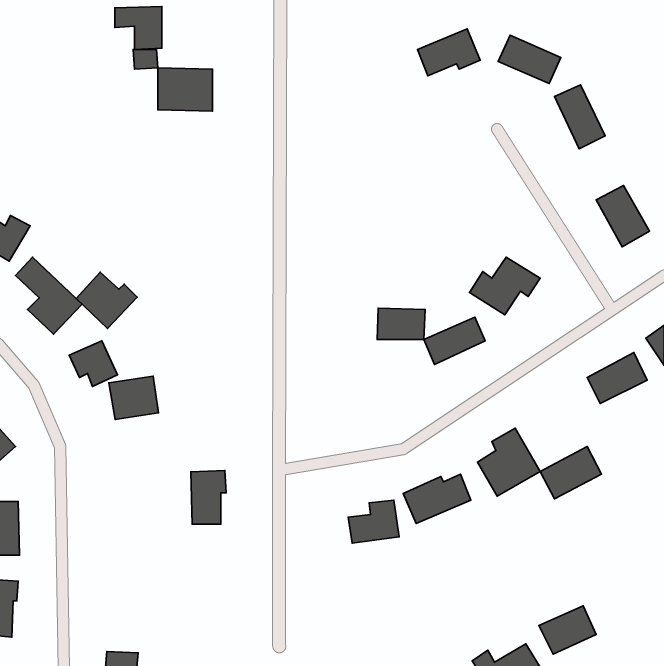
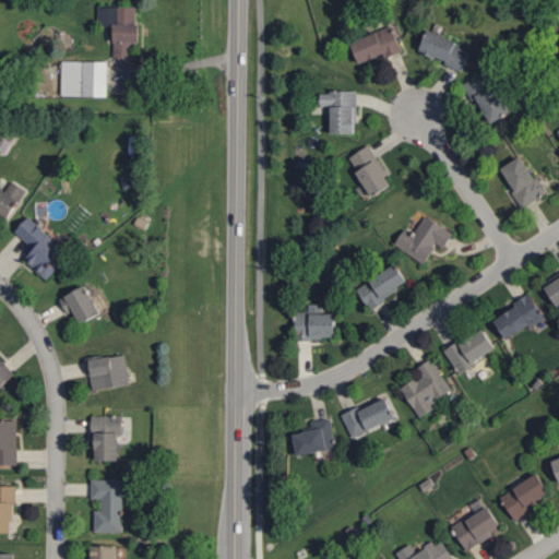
building: [158,68,213,111] -> [60,61,106,97]
building: none -> [319,92,355,134]
building: none -> [347,145,391,198]
building: [76,272,137,328] -> none
building: [377,308,425,340] -> [294,313,334,340]
building: [109,376,158,419] -> [86,355,128,391]
building: [540,447,601,499] -> [443,329,495,372]
building: [191,471,226,524] -> [92,416,121,461]
building: none -> [499,475,549,519]
building: none -> [90,479,121,533]

